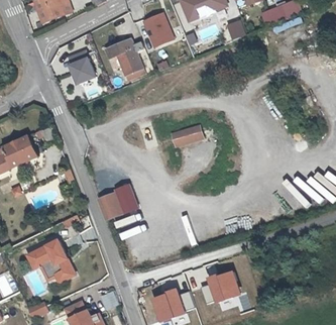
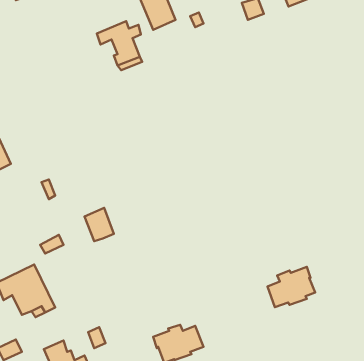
building: [67,48,98,85] -> none
building: [170,125,204,148] -> none
building: [115,184,139,215] -> none
building: [200,269,239,303] -> [267,267,315,307]

